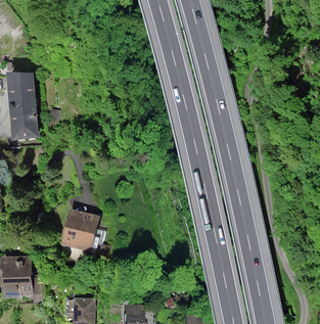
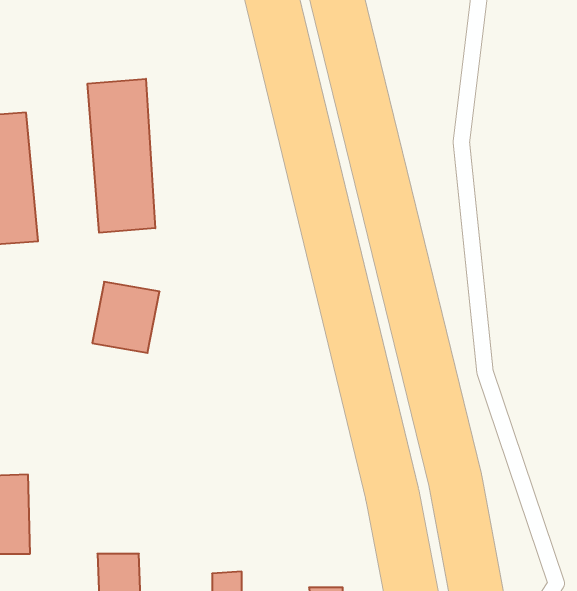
building: none -> [88,79,155,233]
building: [61,211,96,247] -> [92,282,160,353]

